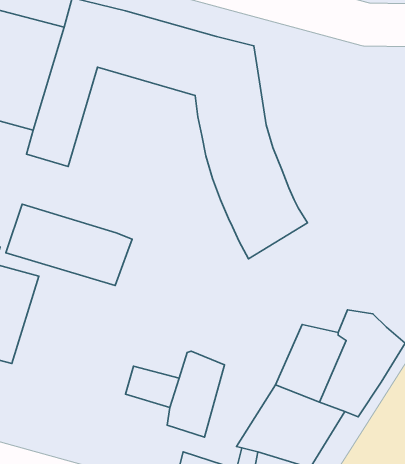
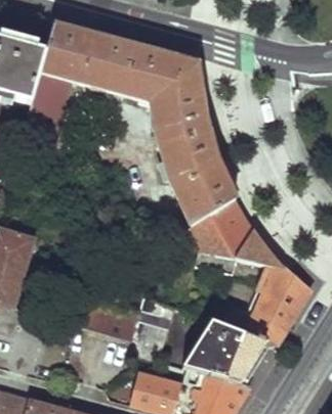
building: [6,204,132,286] -> none
building: none -> [189,196,287,270]

